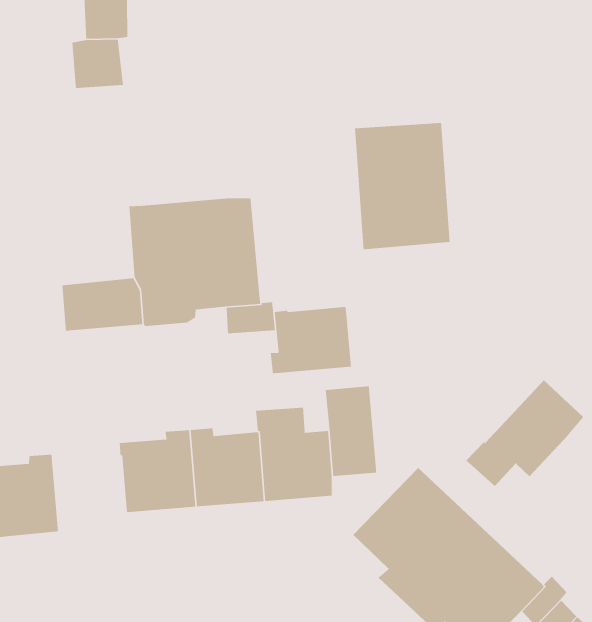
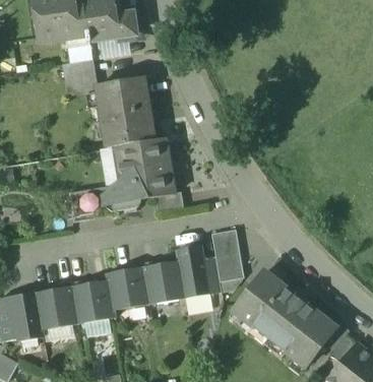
building: [354,122,450,250] -> [98,75,153,146]
building: [270,306,352,374] -> none
building: [466,379,584,487] -> none
building: none -> [72,279,116,322]

